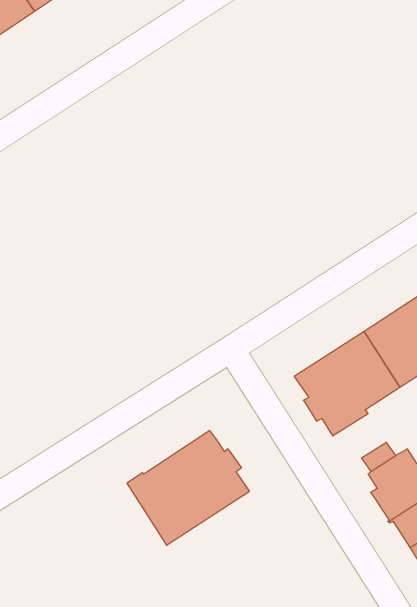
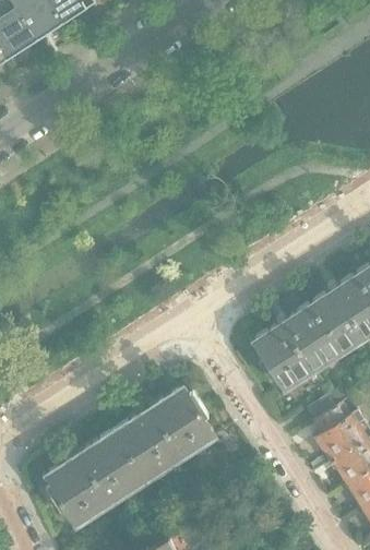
building: none -> [46,431,146,527]

